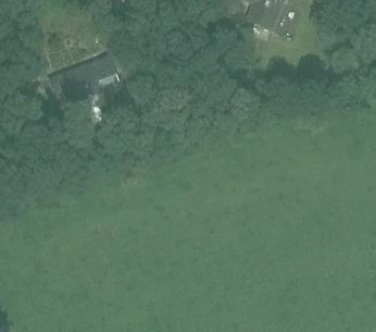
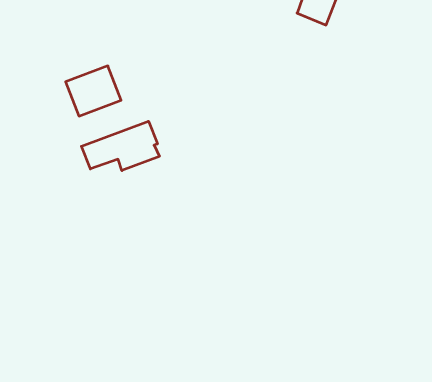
building: none -> [81,121,159,171]

